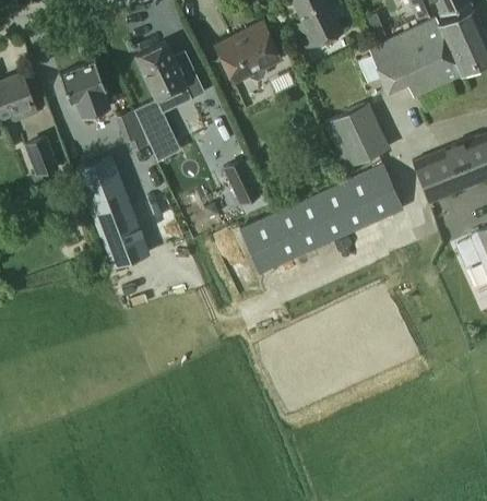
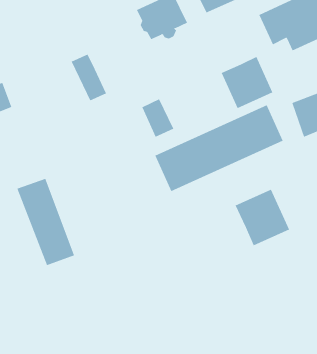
building: [135,43,205,112] -> none
building: [59,61,110,117] -> none
building: [75,156,150,267] -> [16,178,75,266]
building: none -> [235,189,290,246]

